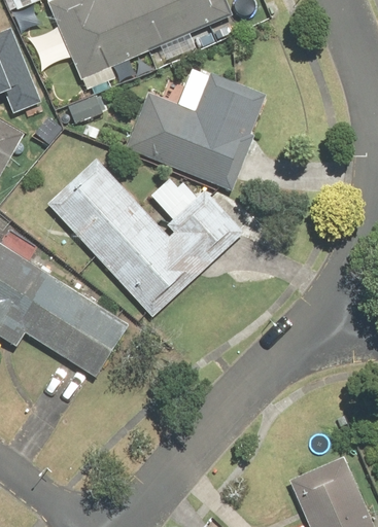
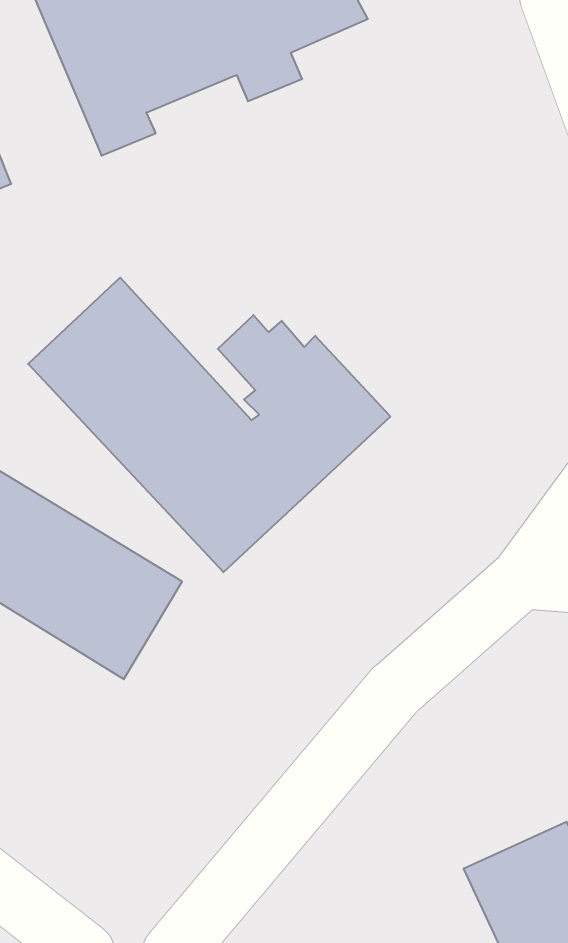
building: [126,66,268,190] -> none

